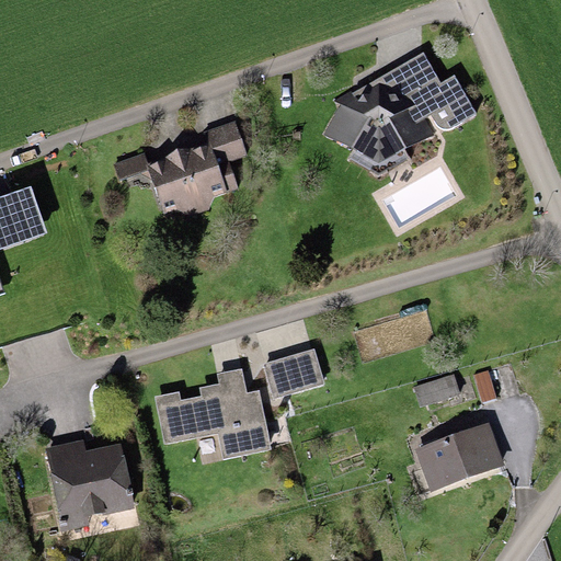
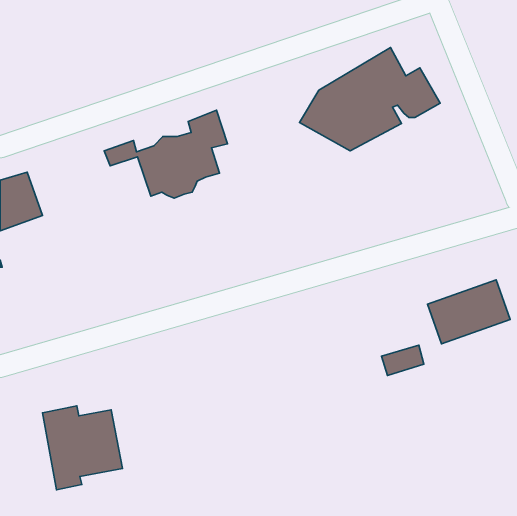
building: [263,348,323,398] -> none
building: [154,368,270,458] -> none
building: [414,422,504,491] -> [427,280,510,344]

